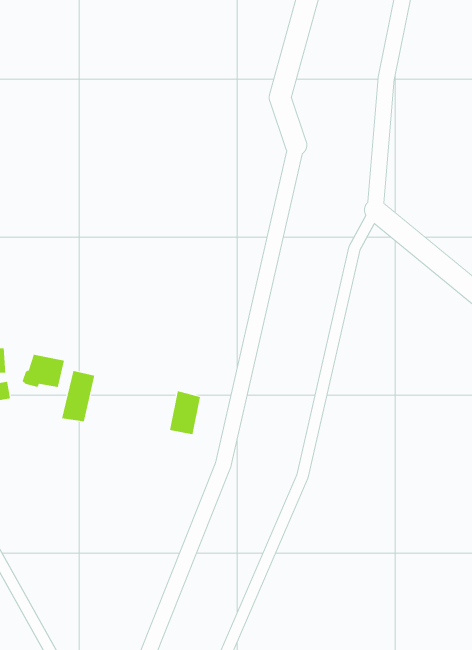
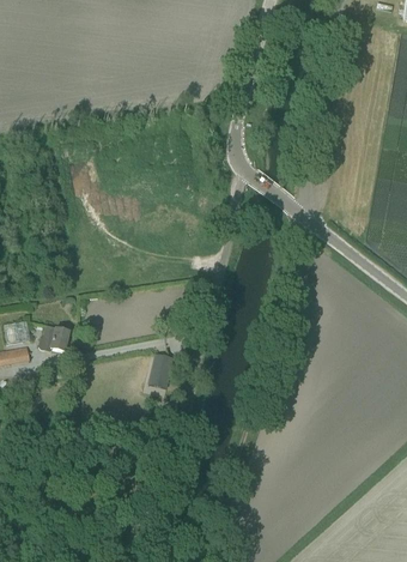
building: [62,370,95,422] -> none

